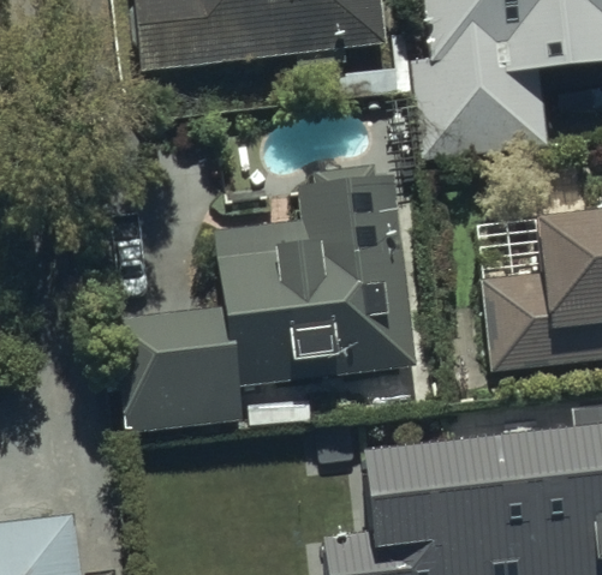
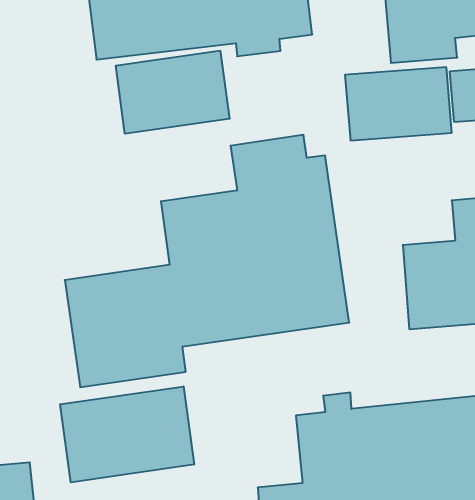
building: none -> [116,51,230,134]
building: none -> [60,386,194,482]

